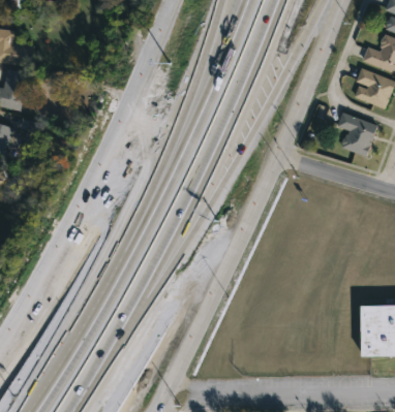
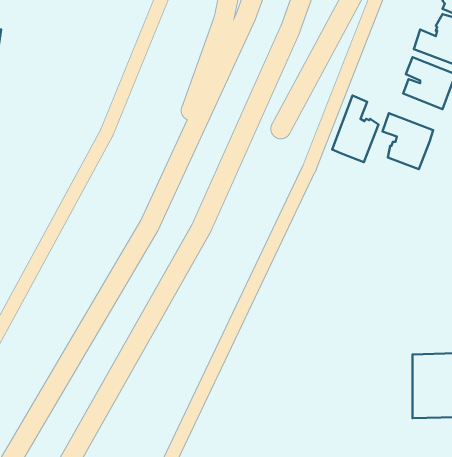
building: none -> [332,96,378,162]

